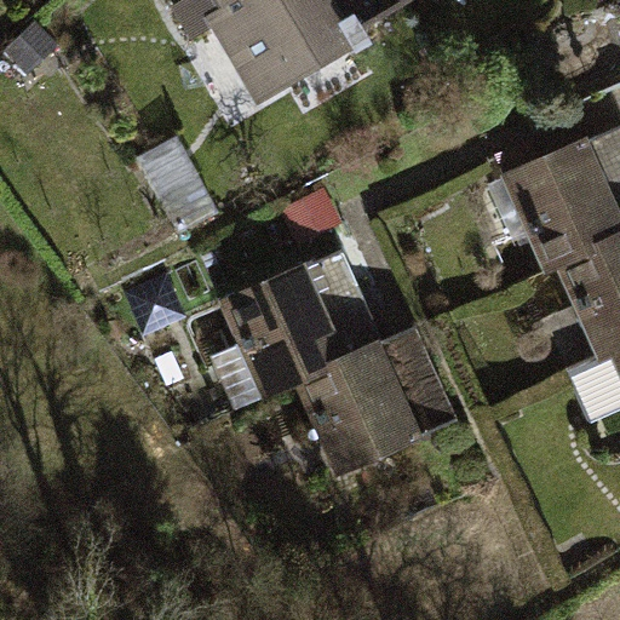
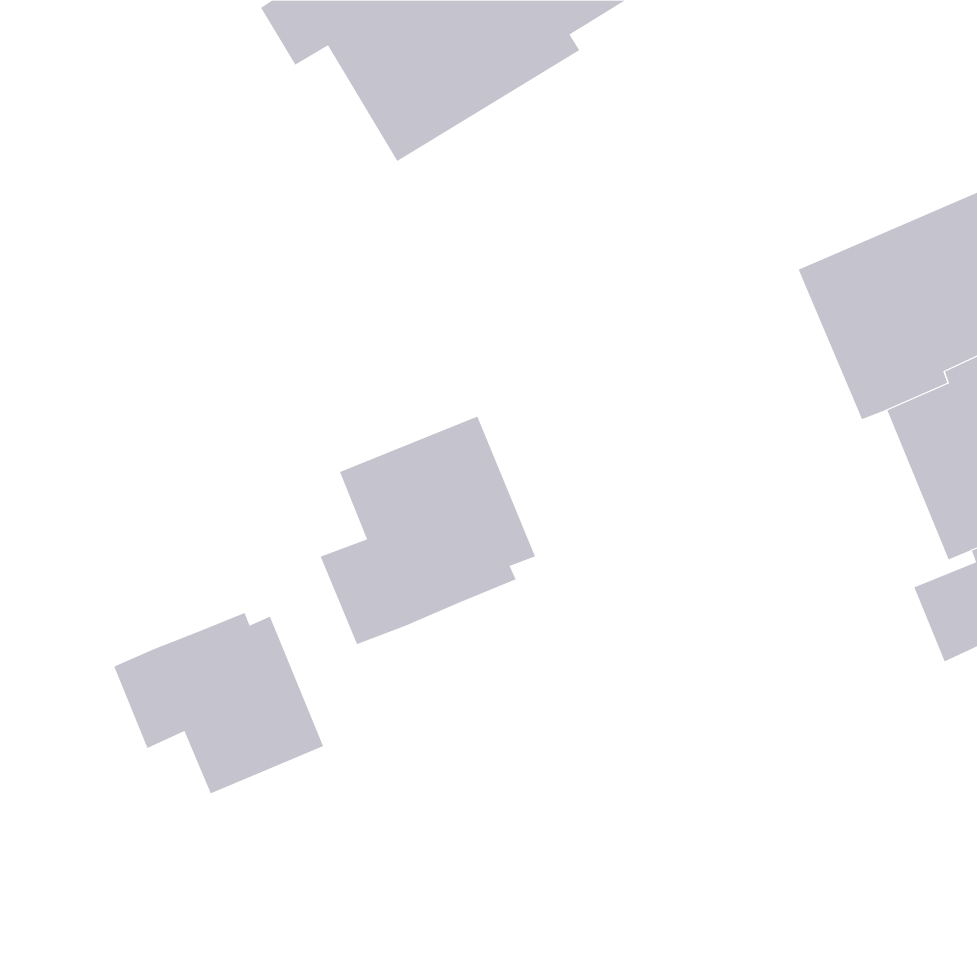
building: [294,322,454,471] -> none
building: none -> [114,612,324,794]

